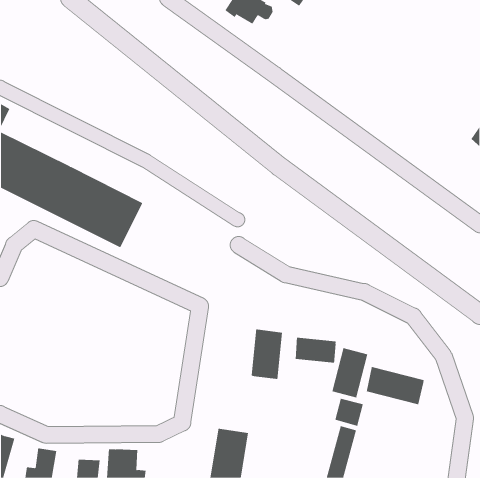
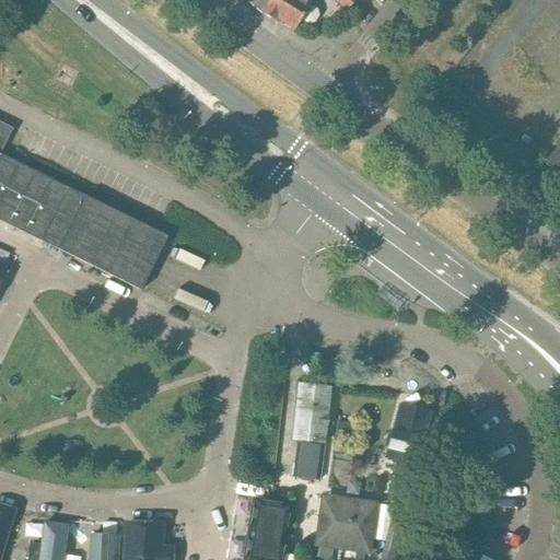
building: [295,337,336,363] -> none
building: [366,366,424,405] -> none
building: none -> [291,439,324,478]
building: none -> [315,495,375,551]

